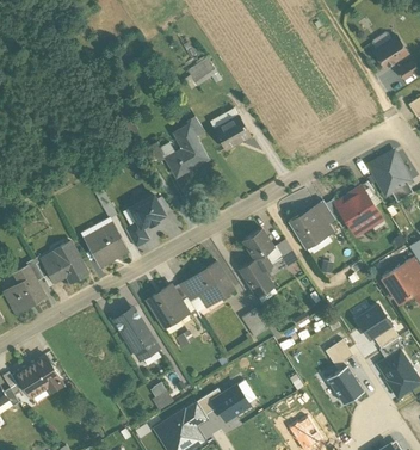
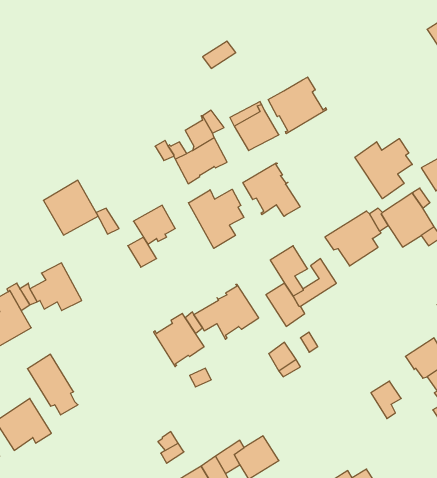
building: none -> [268,77,326,134]
building: none -> [355,139,412,199]
building: none -> [243,163,300,216]
building: none -> [188,189,244,248]
building: [84,221,129,266] -> [43,180,98,235]
building: [113,308,155,358] -> [27,354,78,415]
building: [328,366,364,405] -> none

